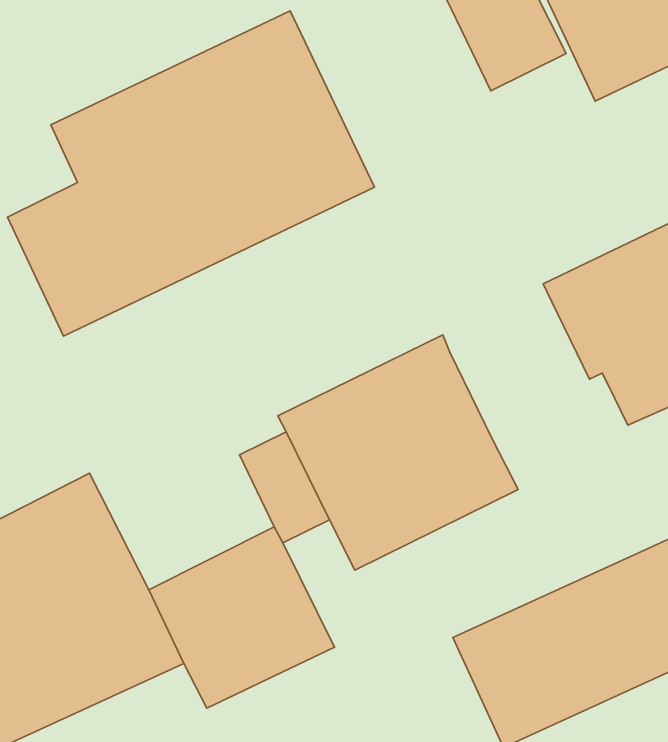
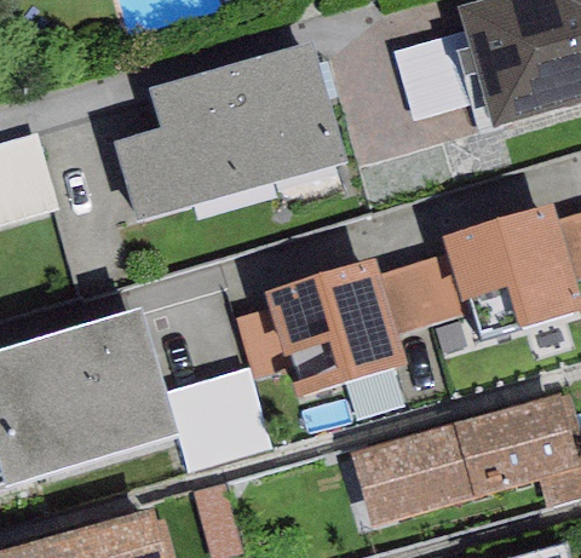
building: none -> [375,251,471,330]

